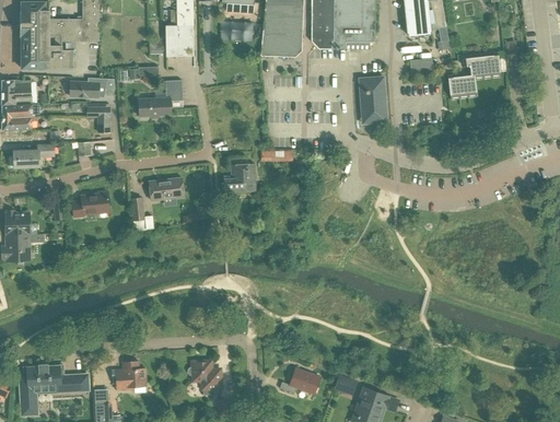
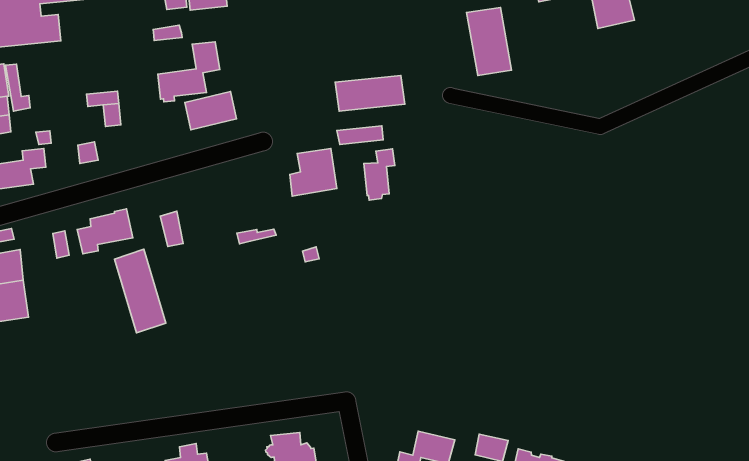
building: [70,77,106,97] -> none
building: none -> [335,75,405,111]
building: none -> [364,149,395,200]
building: [149,176,184,200] -> [185,91,236,130]
building: none -> [115,249,166,333]

